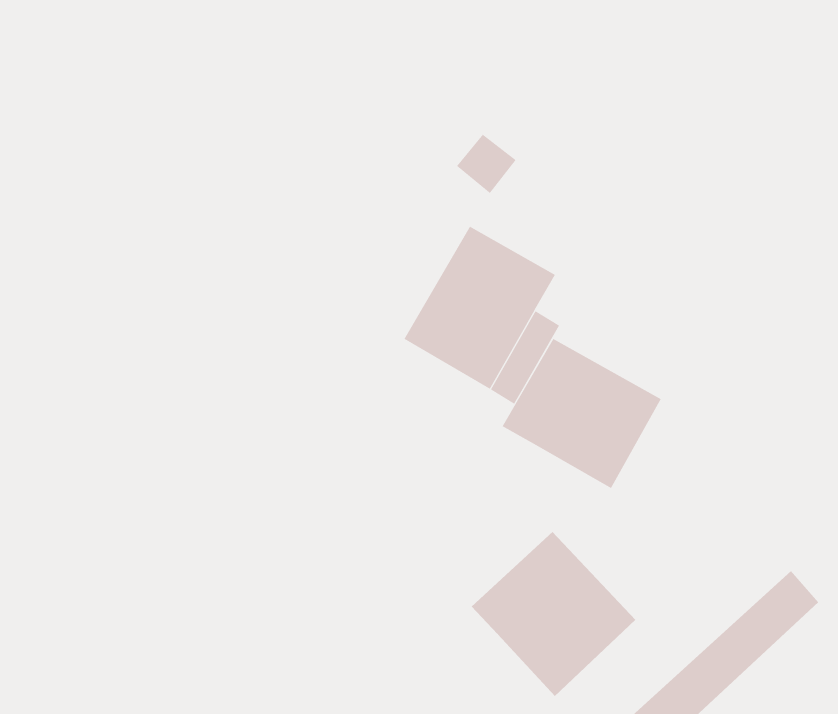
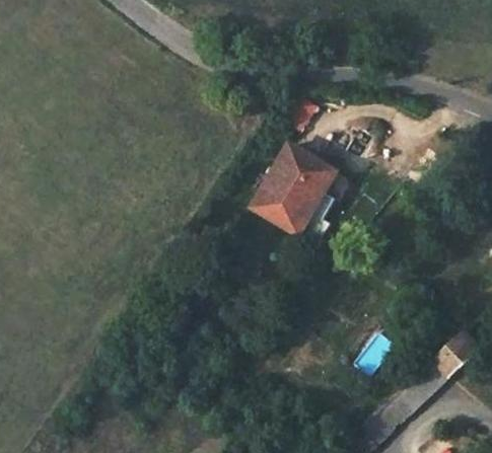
building: [502,338,661,489] -> none
building: [471,531,636,697] -> none

